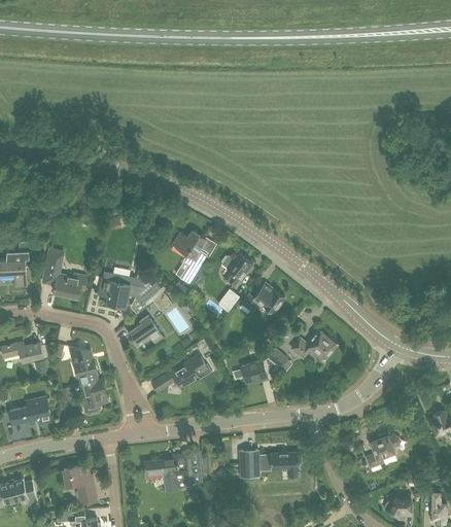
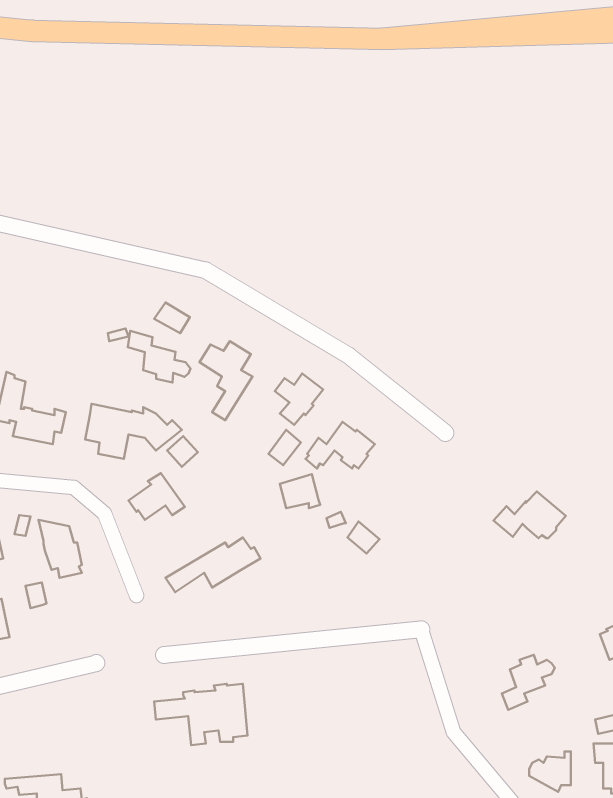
building: none -> [128,331,191,383]
building: [291,329,338,359] -> [494,492,566,538]
building: [241,360,267,382] -> [280,474,320,508]
building: [79,379,108,416] -> none
building: [239,450,302,476] -> none
building: [63,464,96,503] -> none

